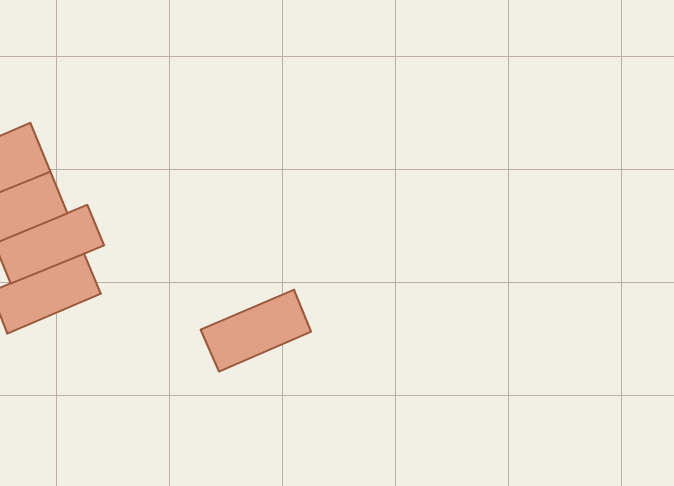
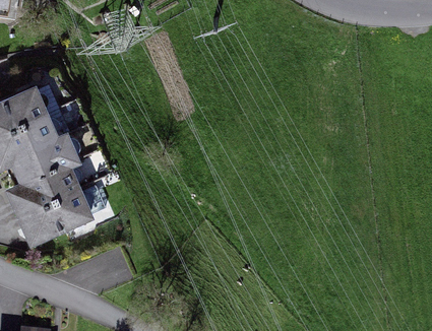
building: [201,290,311,372] -> [21,190,88,240]

